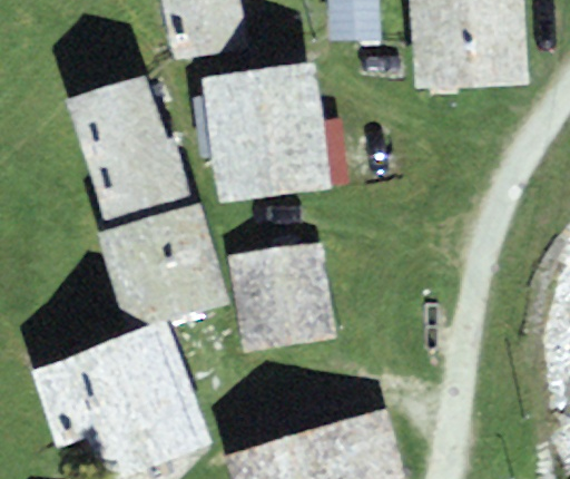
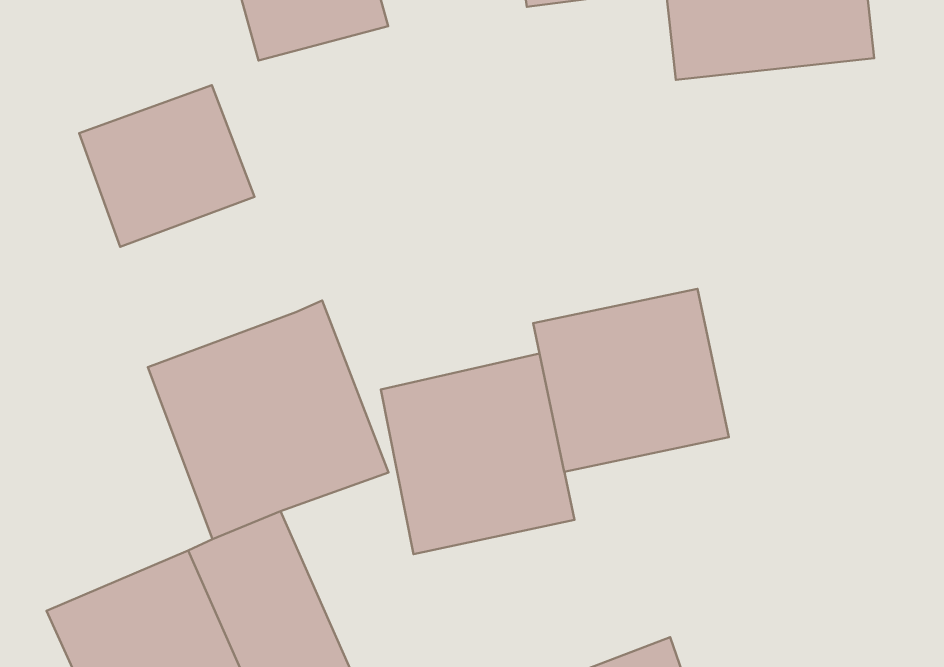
building: [203,62,331,201] -> none
building: [86,136,194,224] -> none
building: none -> [533,289,729,472]

